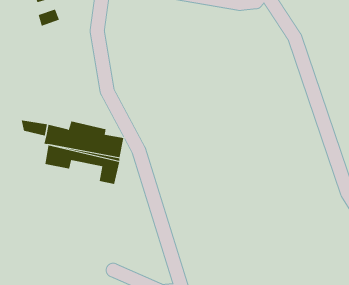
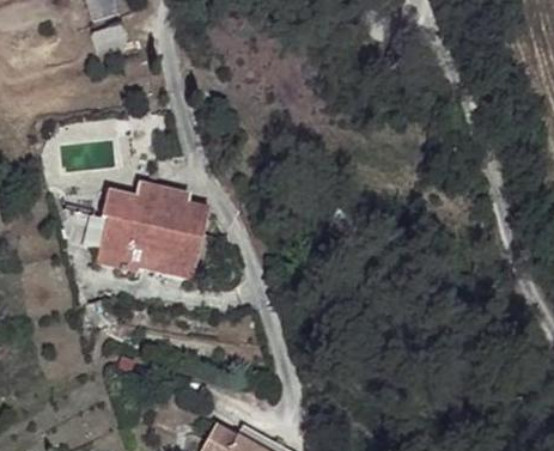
building: none -> [91,236,176,268]

